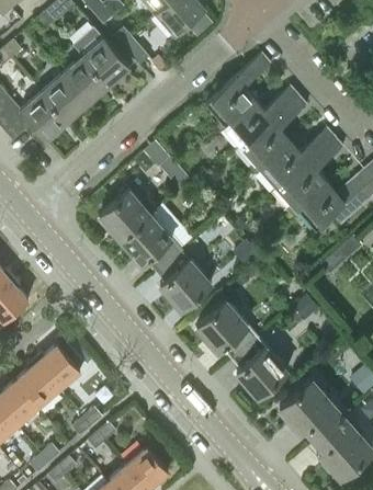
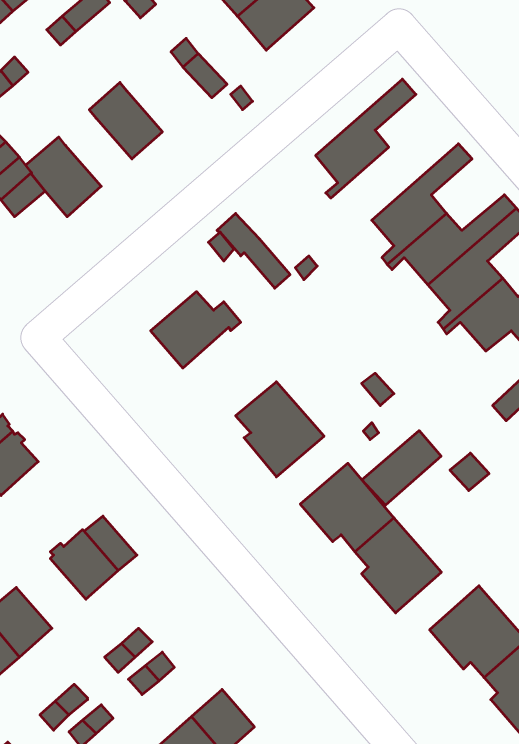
building: [70,26,129,88] -> none
building: [41,73,88,123] -> none
building: [216,87,298,145] -> none
building: [121,214,181,271] -> none
building: none -> [362,431,441,505]
building: [13,363,58,408] -> none

